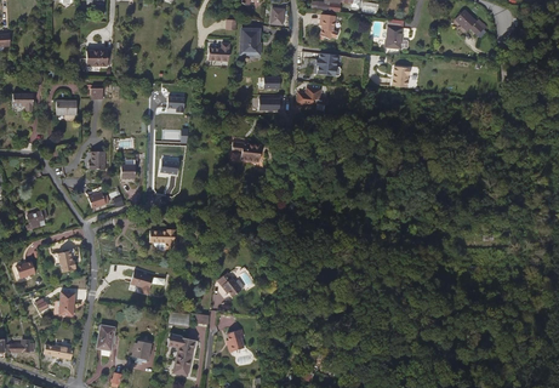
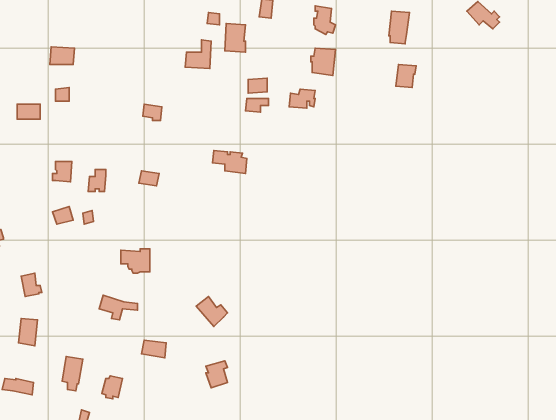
building: [165,335,196,373] -> none

